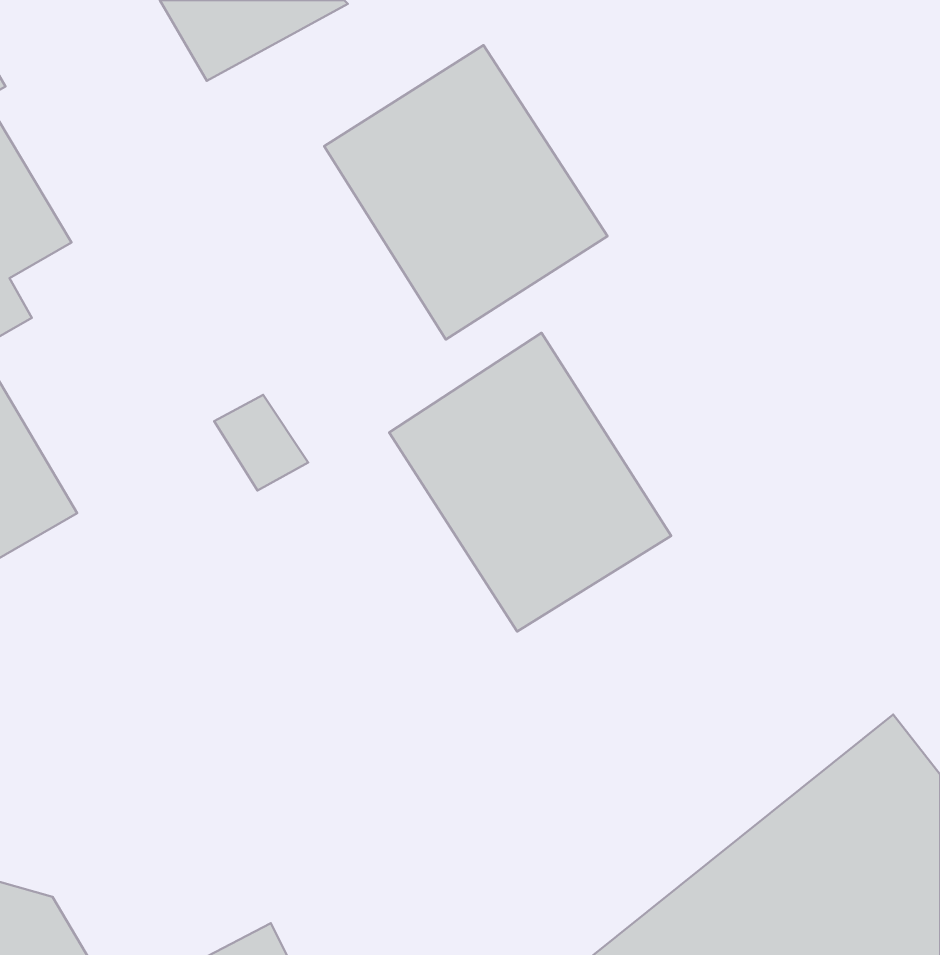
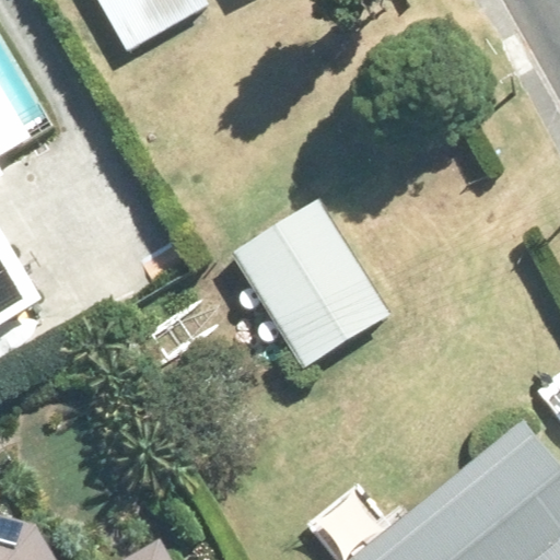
building: [324,45,607,339] -> none

